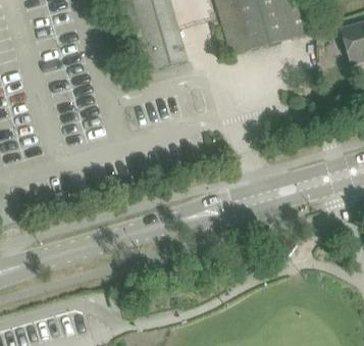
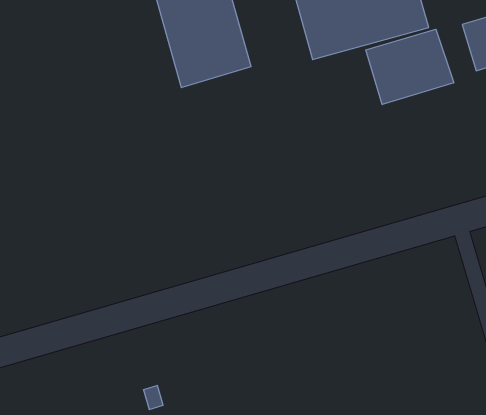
building: none -> [366,29,454,105]

